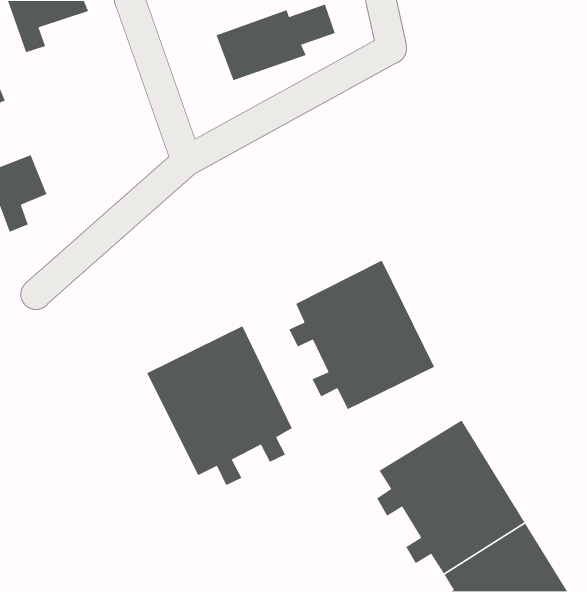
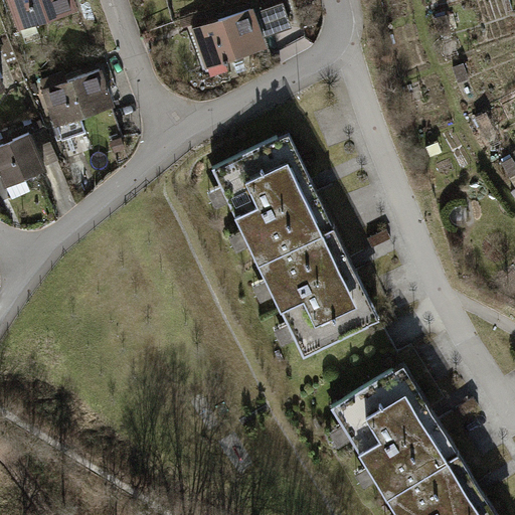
building: none -> [40,71,106,125]
building: none -> [205,133,332,264]
building: [146,325,293,486] -> none

